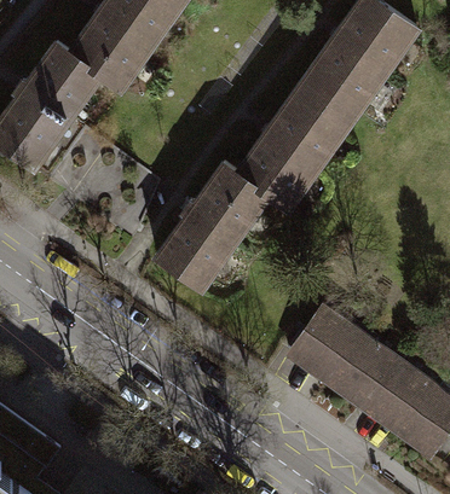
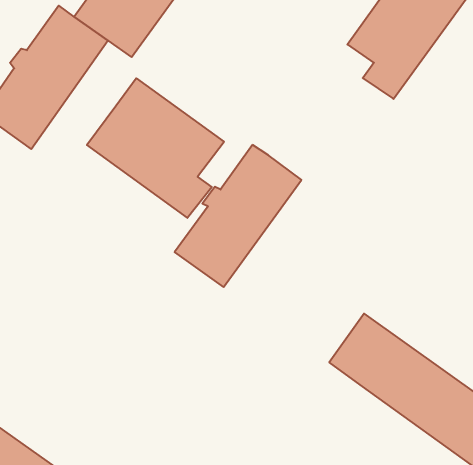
building: [236,81,345,213] -> none
building: none -> [87,78,224,218]

